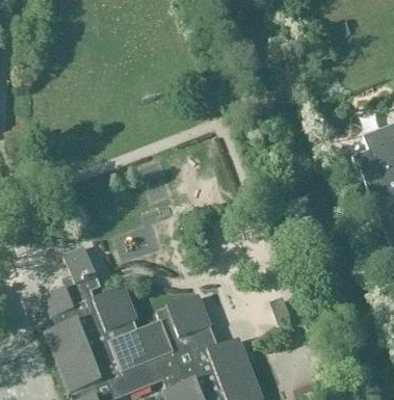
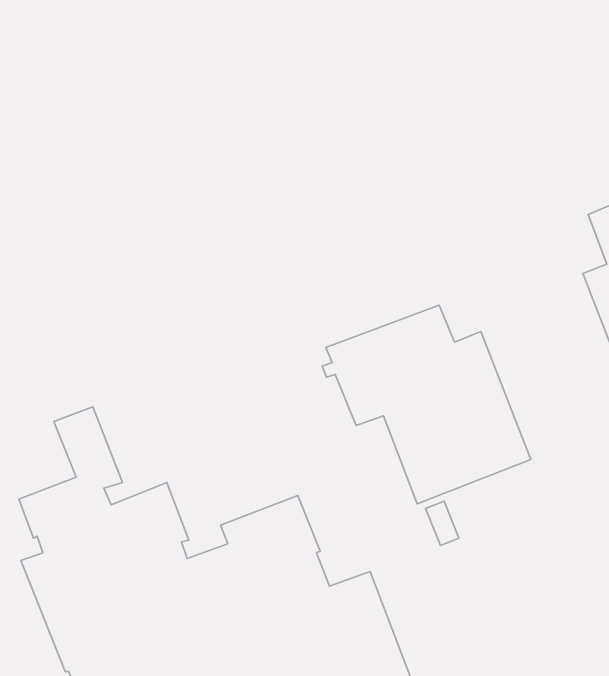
building: none -> [322,305,531,504]

